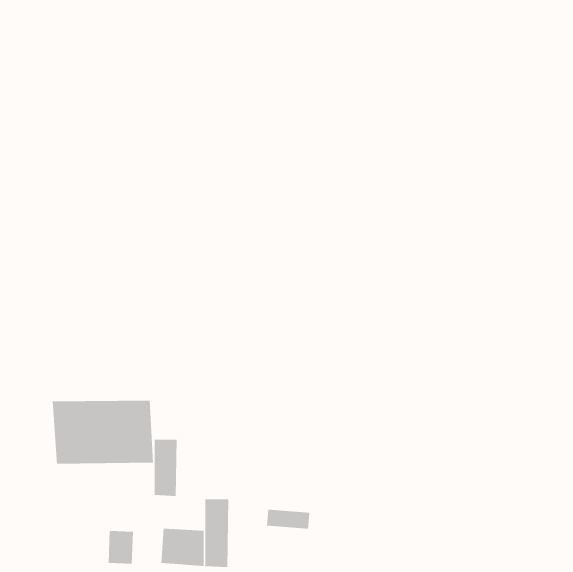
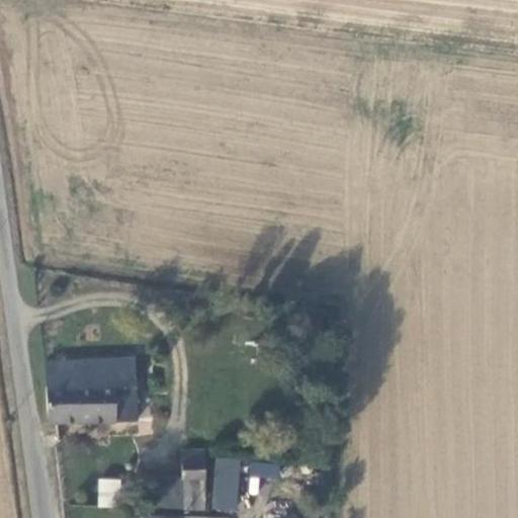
building: [154,439,178,496] -> [215,460,237,512]

